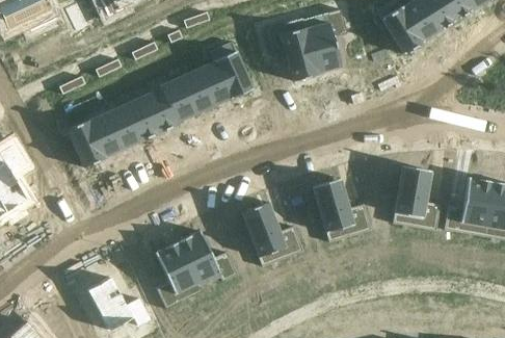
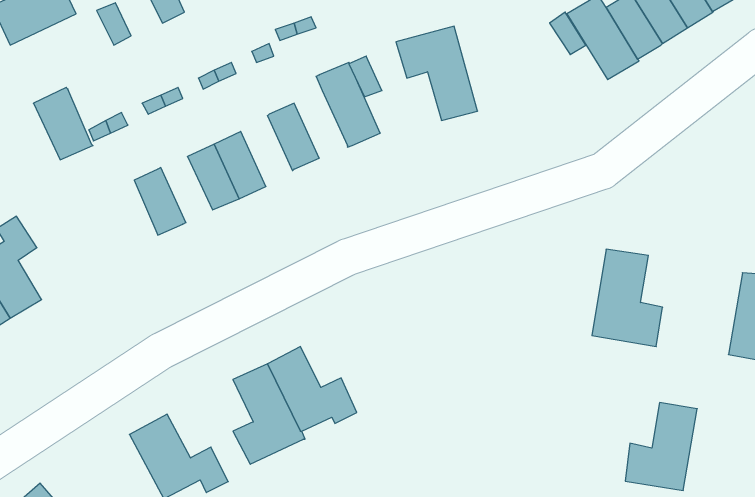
building: [301,8,347,74] -> none
building: [195,60,231,105] -> none
building: [159,77,194,124] -> none
building: [107,104,141,148] -> none
building: [67,119,106,166] -> [33,87,93,160]
building: [312,177,370,241] -> none
building: [445,177,493,235] -> [625,403,697,490]
building: [241,201,302,265] -> none

